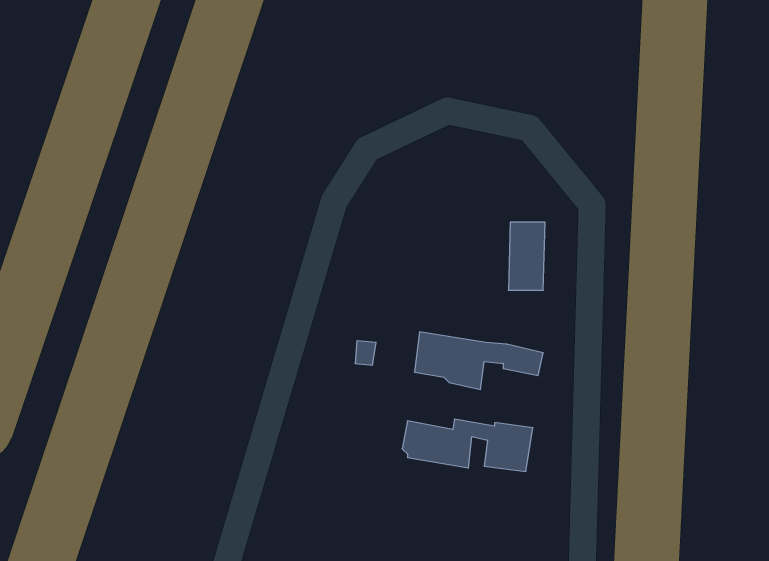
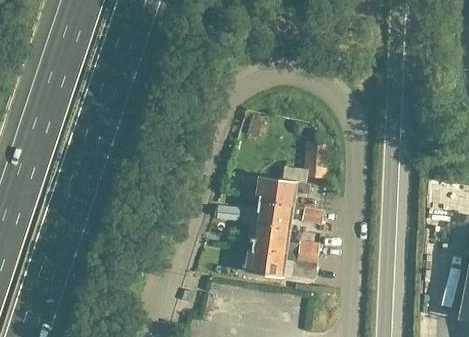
building: none -> [255,175,311,205]
building: none -> [248,222,321,255]

